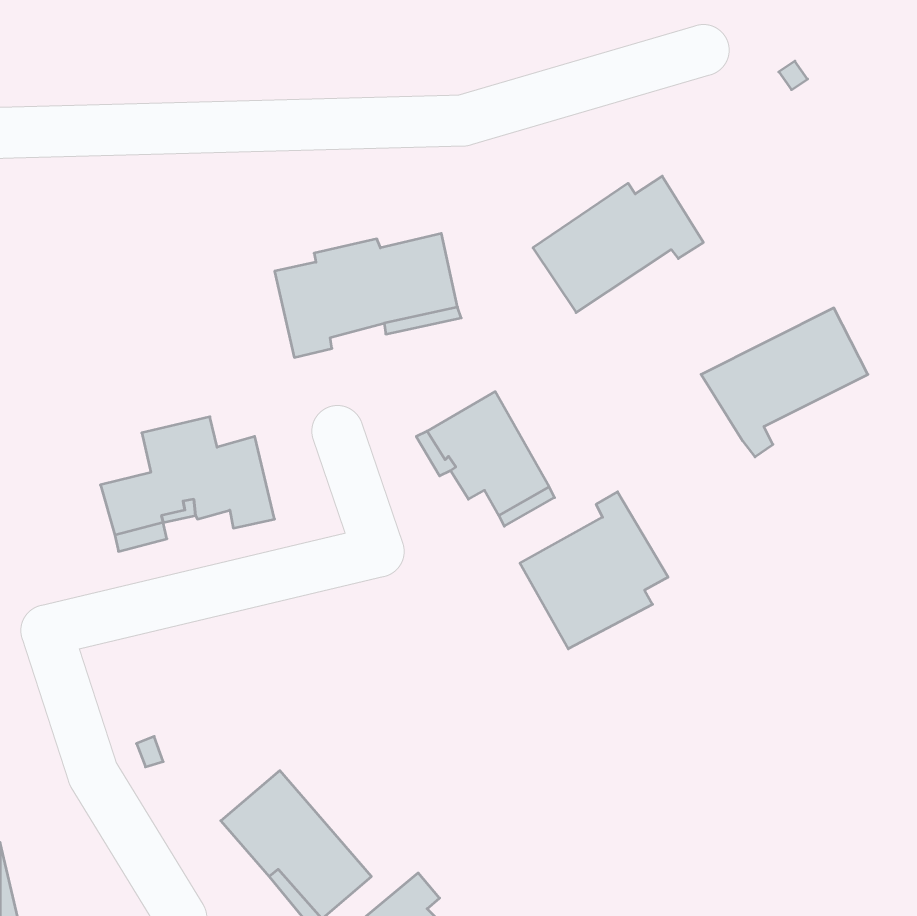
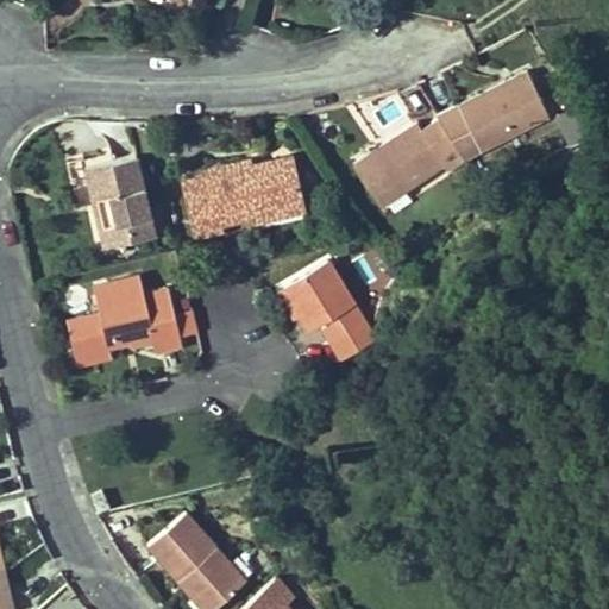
building: none -> [81,157,155,247]
building: [701,308,868,457] -> [439,74,550,172]
building: [520,492,668,649] -> none

